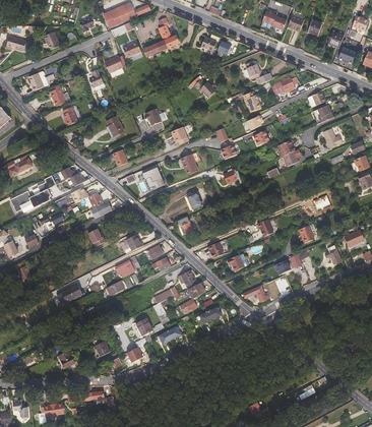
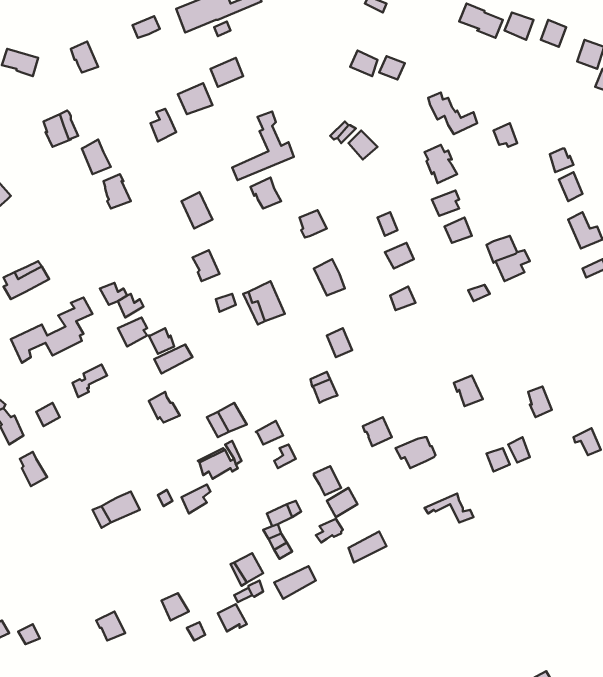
building: [143,17,178,56] -> [232,111,294,180]

